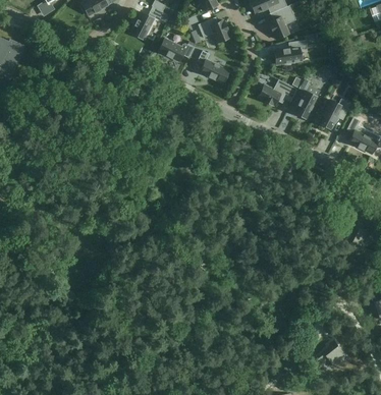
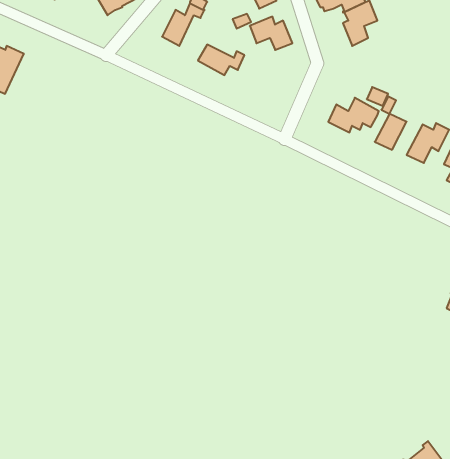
building: [274,40,307,66] -> none
building: [197,51,229,83] -> none

